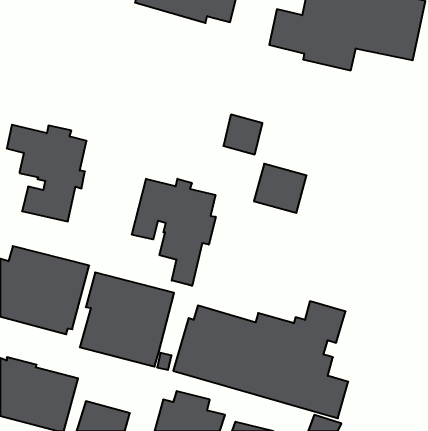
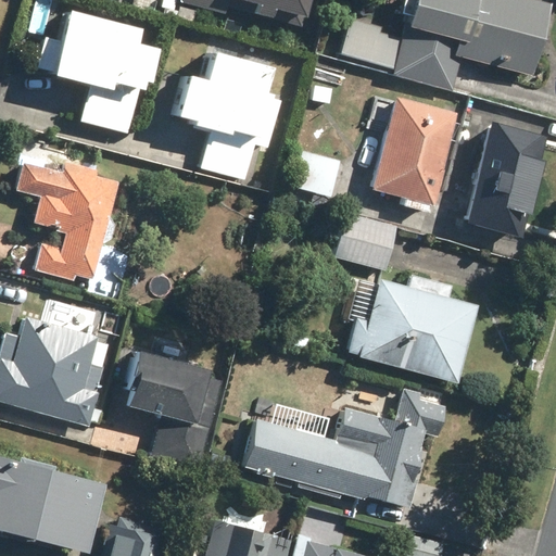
building: none -> [35,11,153,135]
building: none -> [172,51,280,178]
building: none -> [371,98,455,212]
building: none -> [460,121,549,241]
building: [132,179,216,286] -> none
building: none -> [341,271,480,386]

